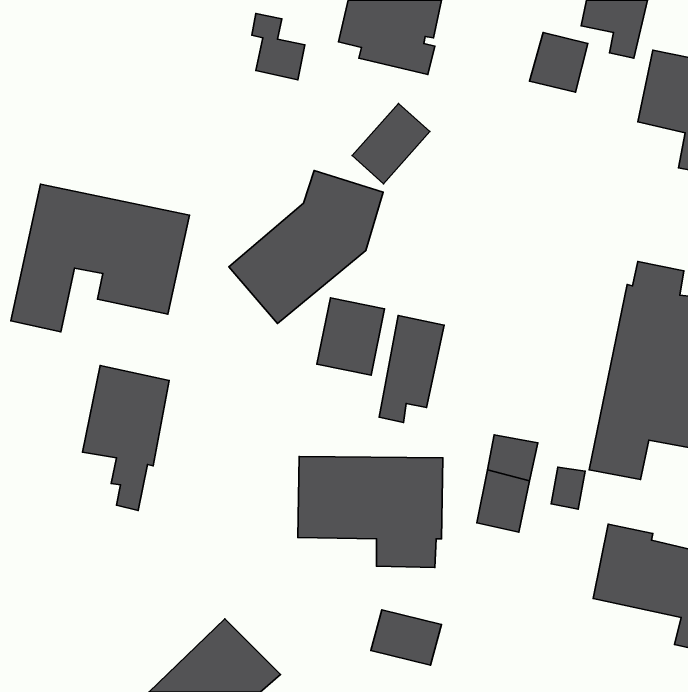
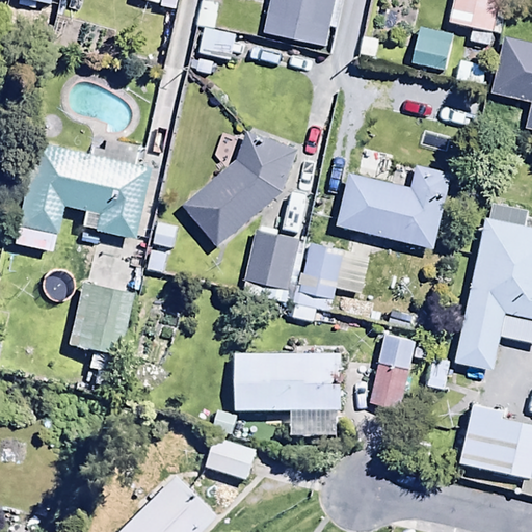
building: [352,103,430,184] -> none
building: none -> [337,163,452,246]
building: [371,610,441,665] -> [205,438,259,481]

